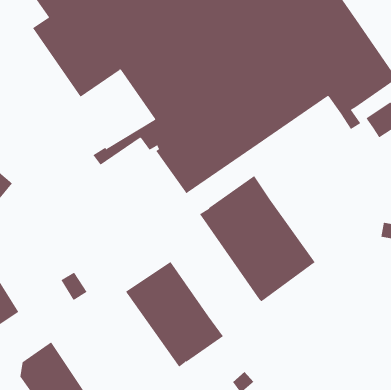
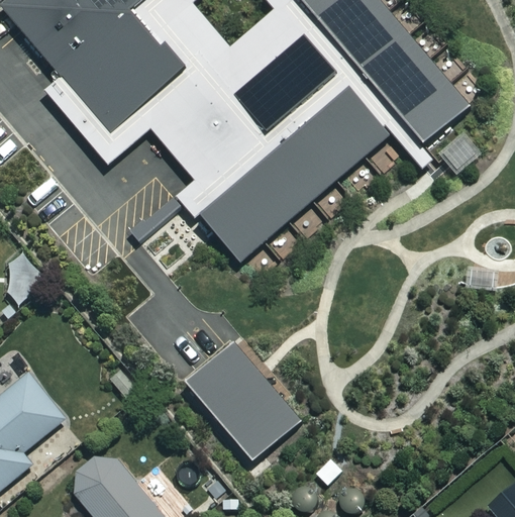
building: [199,175,315,302] -> none

